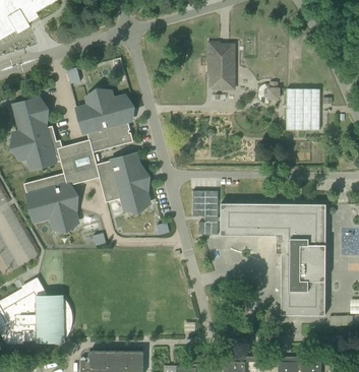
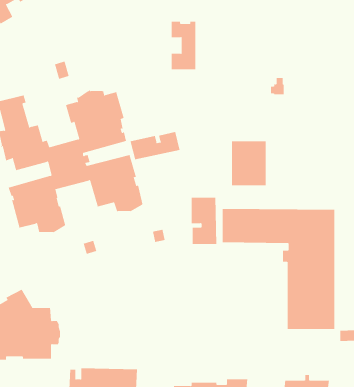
building: [211,44,234,88] -> [171,21,196,70]
building: [287,88,319,130] -> [231,141,267,186]
building: none -> [130,131,180,160]

